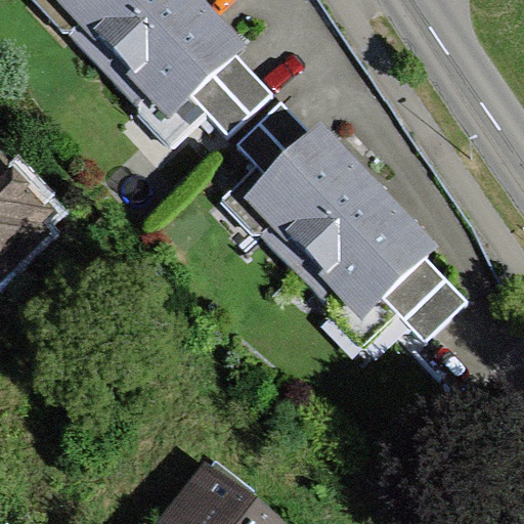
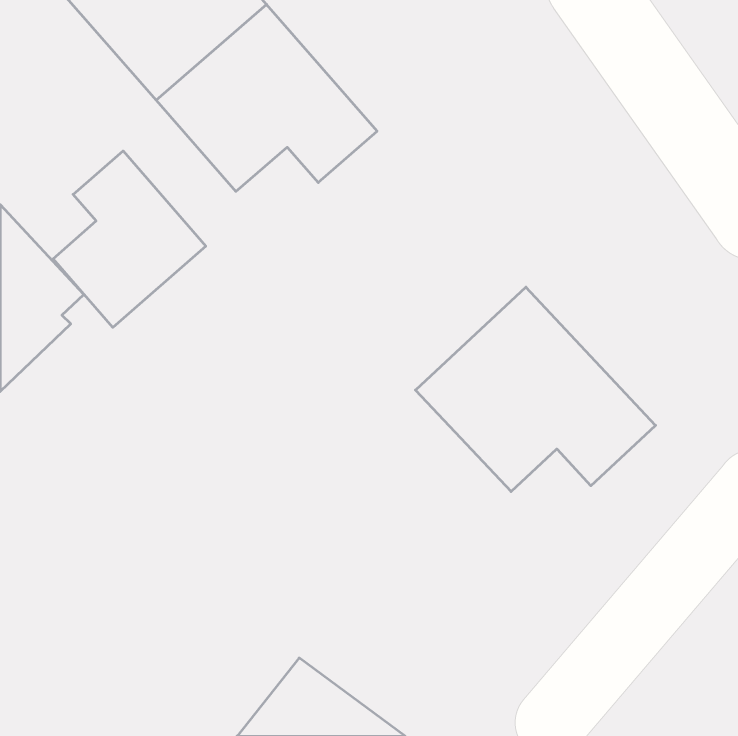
building: [230,101,376,271] -> none
building: none -> [53,151,206,327]

